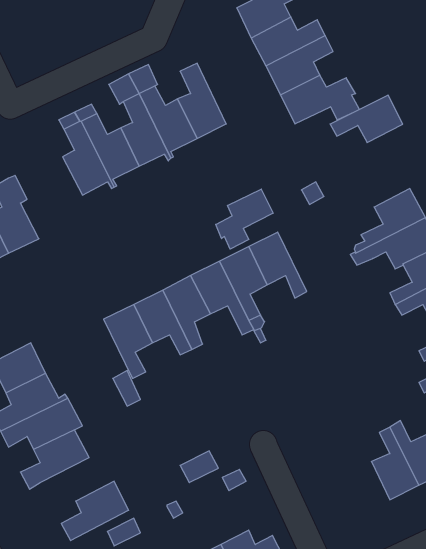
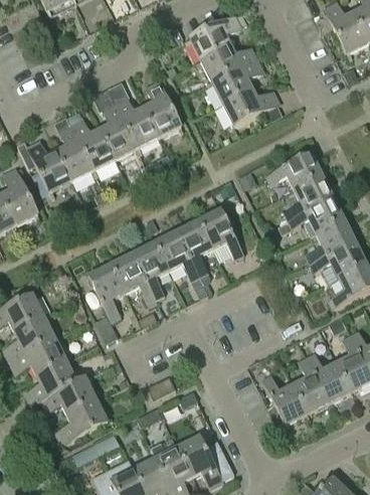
building: [330,95,403,143] -> [266,153,322,189]
building: none -> [17,140,72,195]
building: [216,189,273,249] -> none
building: none -> [261,374,307,424]
building: none -> [40,376,97,414]

